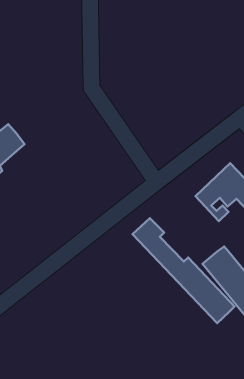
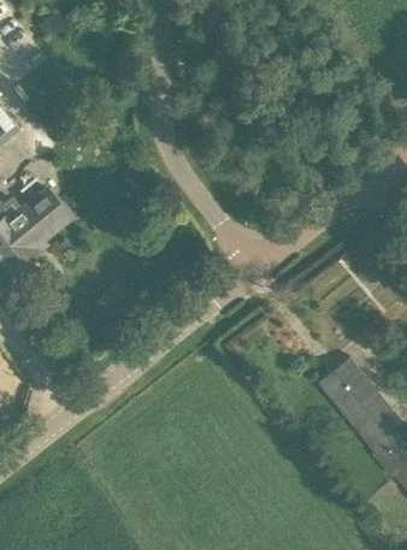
building: [133,218,234,323] -> none

